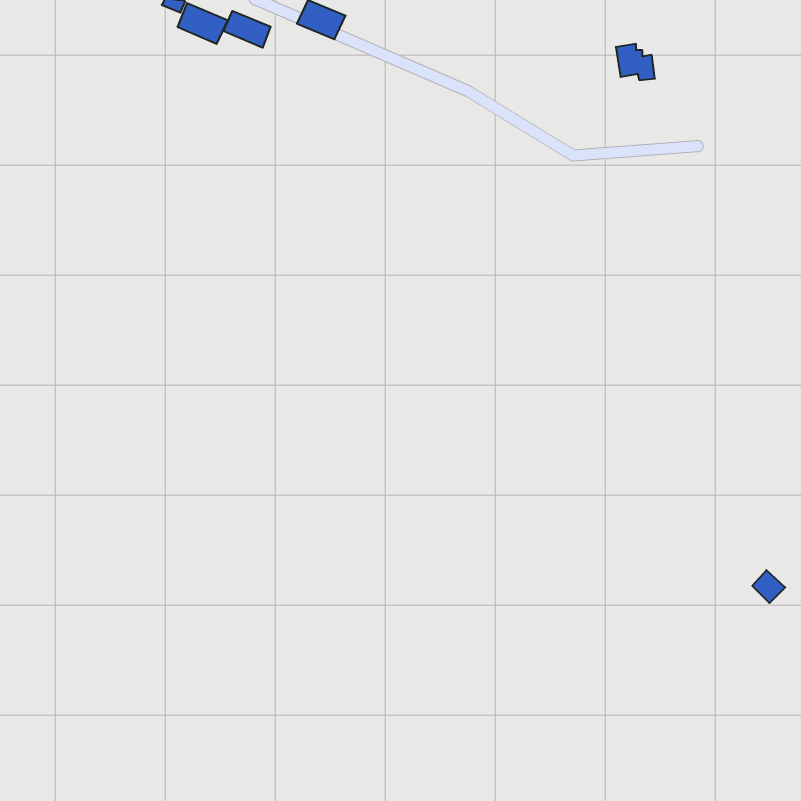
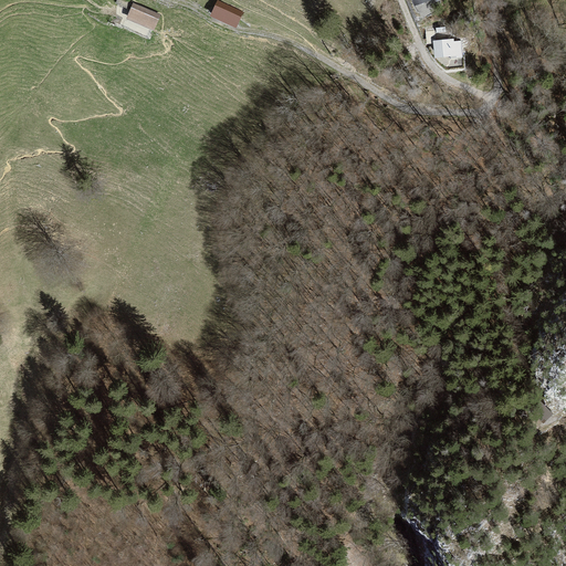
building: [223,11,271,48] -> none

